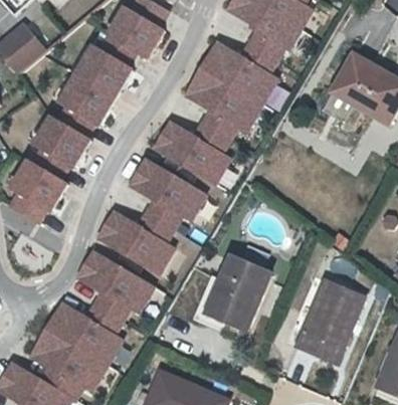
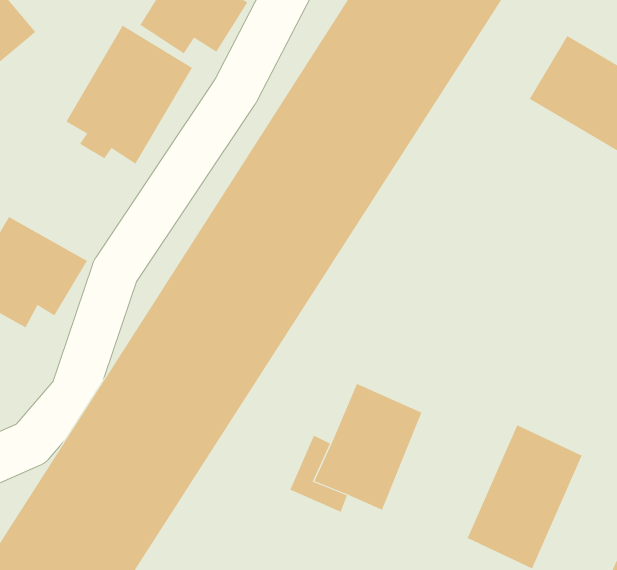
building: [34,112,100,177] -> none

